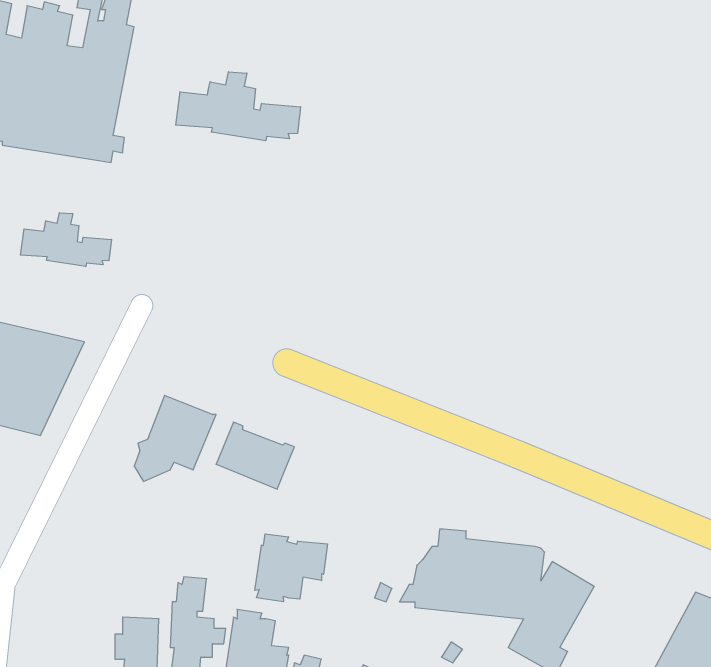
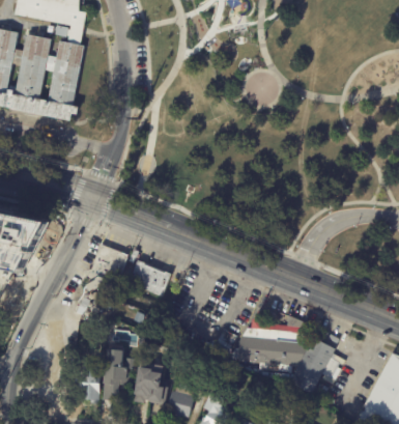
building: [176,72,301,141] -> none
building: [21,213,111,267] -> none
building: [255,534,327,602] -> none

